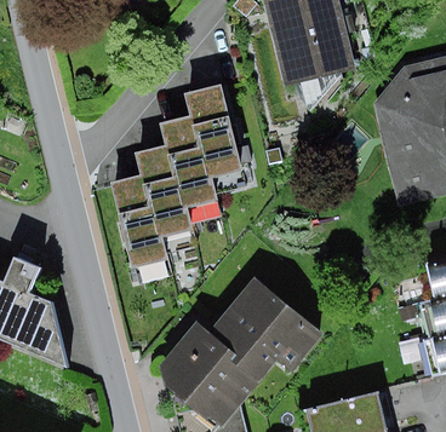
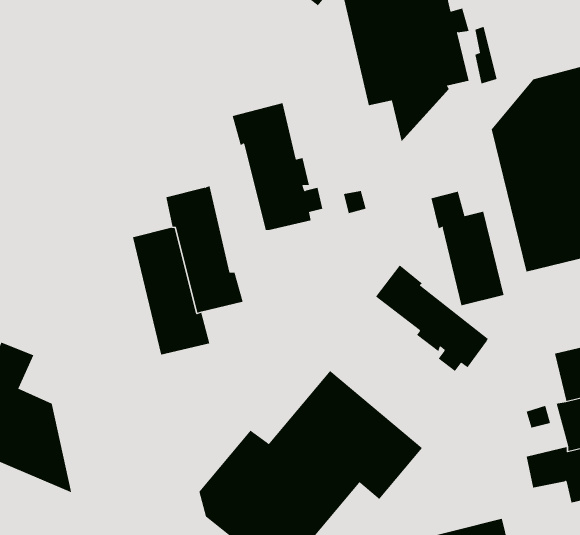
building: [159,114,216,207] -> none
building: none -> [431,191,504,306]
building: none -> [375,265,488,372]

